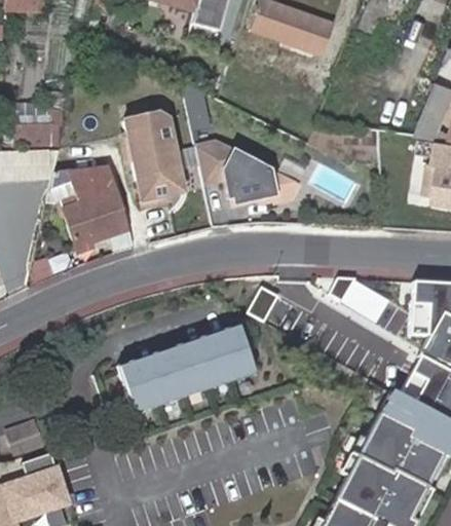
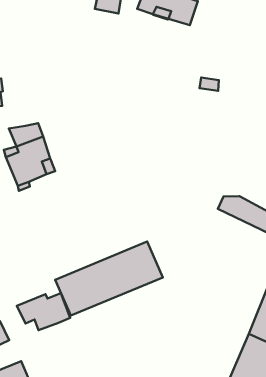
building: [122,111,189,203] -> none
building: [197,139,302,206] -> none
building: none -> [17,293,70,330]

